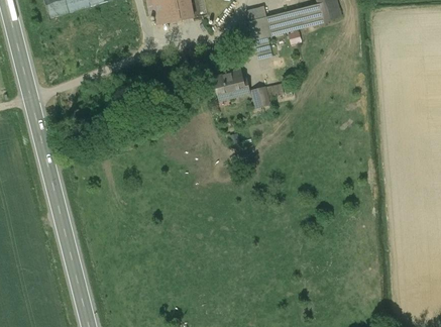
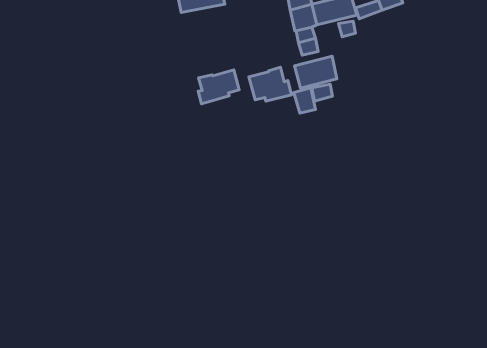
building: none -> [294,56,337,88]
building: none -> [198,70,239,104]

